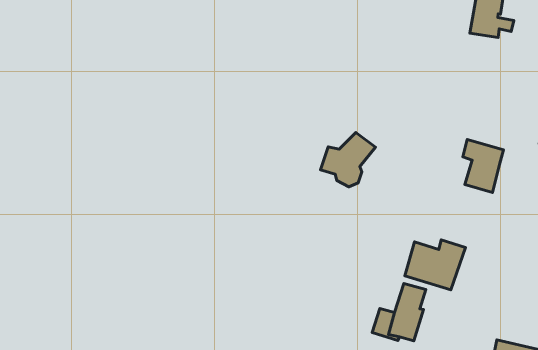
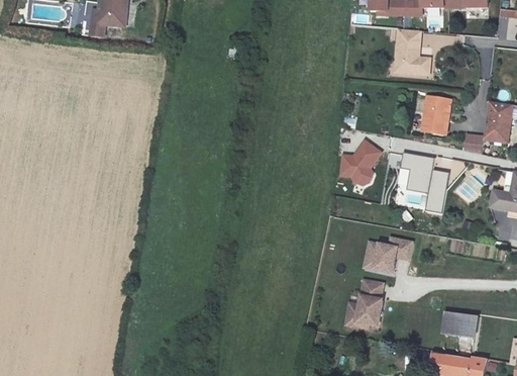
building: none -> [420,99,446,137]
building: [321,132,376,187] -> [338,144,381,188]
building: none -> [425,173,448,216]

